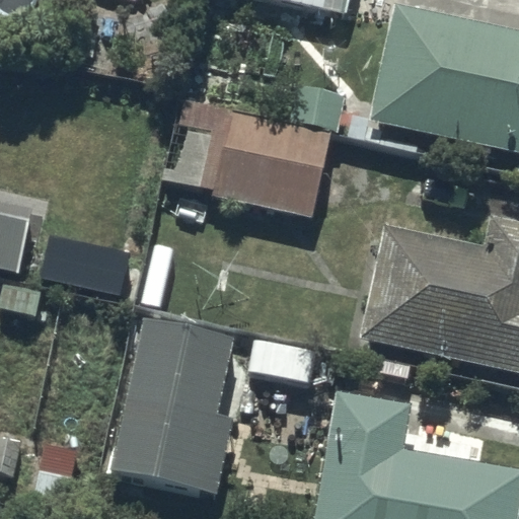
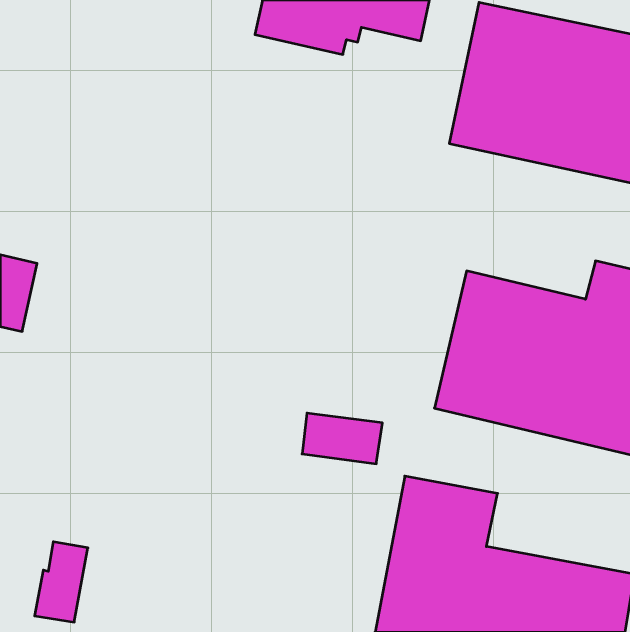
building: [201,84,342,240] -> none
building: [109,315,234,492] -> none

